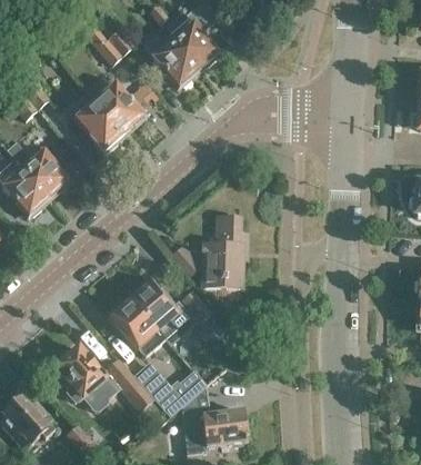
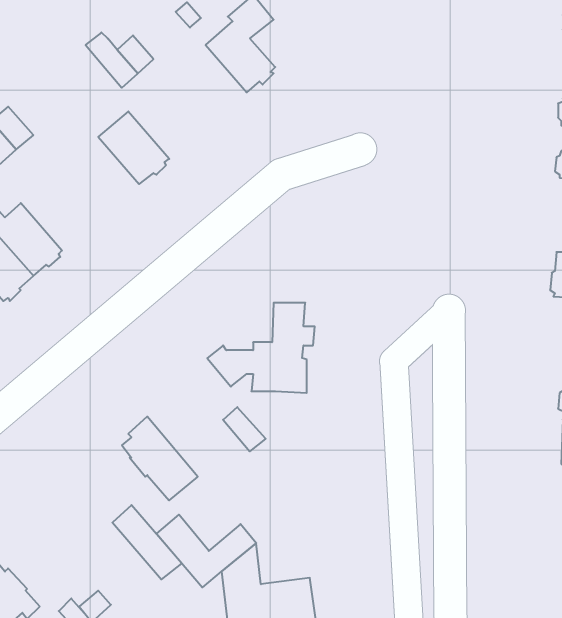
building: [142,34,199,86] -> none
building: [69,99,123,150] -> none
building: [129,281,193,342] -> none
building: [56,346,111,408] -> none

